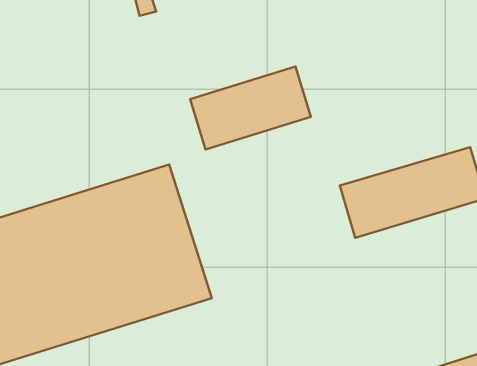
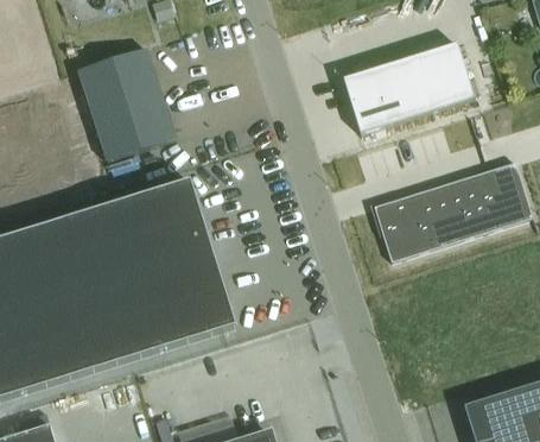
building: none -> [77,45,174,158]
building: [190,66,311,150] -> [343,43,474,133]

